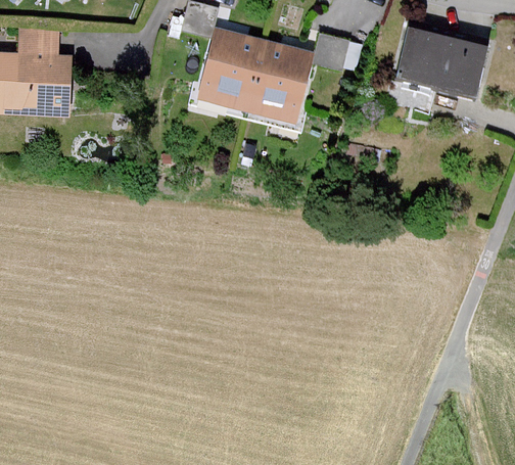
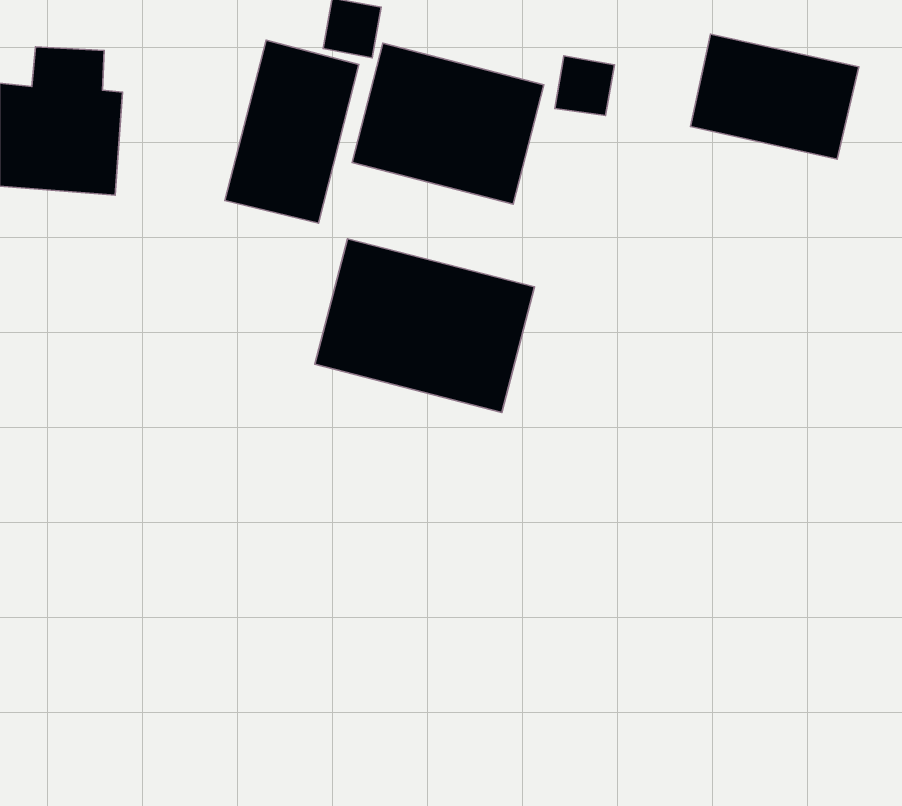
building: none -> [225,40,359,223]
building: none -> [315,239,534,413]

